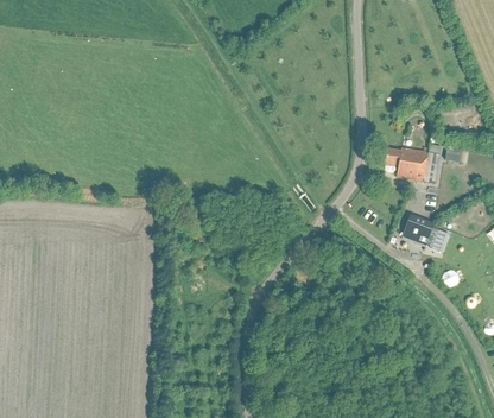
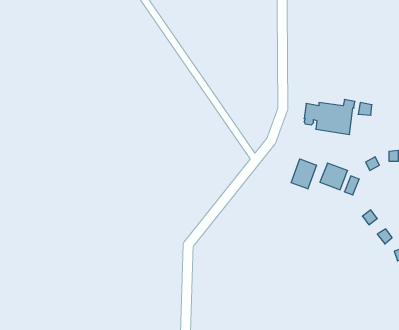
building: none -> [291,159,316,189]

